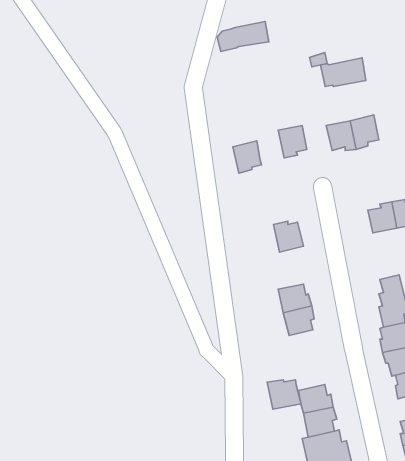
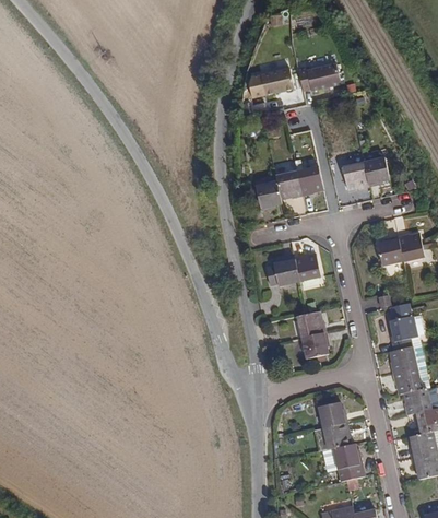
building: [320,58,366,86] -> [294,67,335,93]
building: none -> [276,169,303,197]
building: none -> [267,256,298,285]
building: [267,380,301,409] -> none

